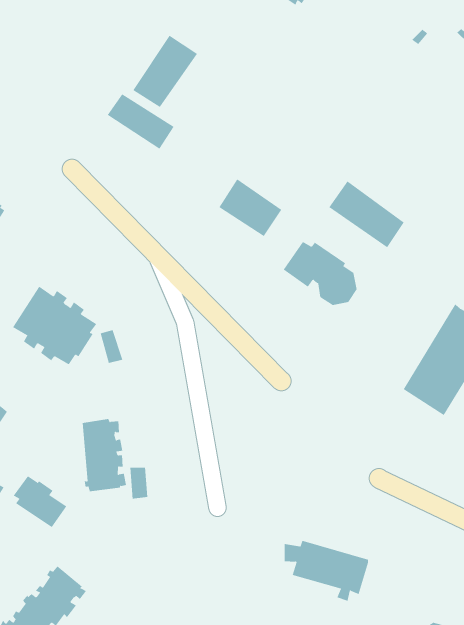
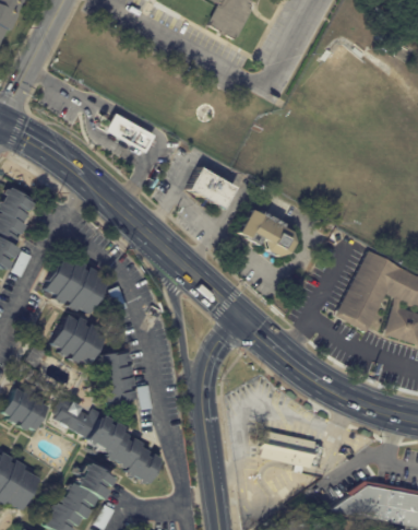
building: [133,35,198,108] -> none
building: [329,180,405,248] -> none
building: none -> [51,315,105,365]
building: none -> [87,414,160,482]

